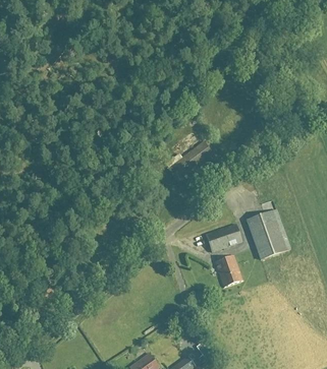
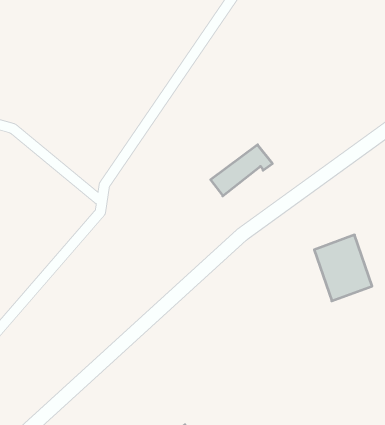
building: [205,224,240,252] -> none
building: [215,255,241,287] -> none

